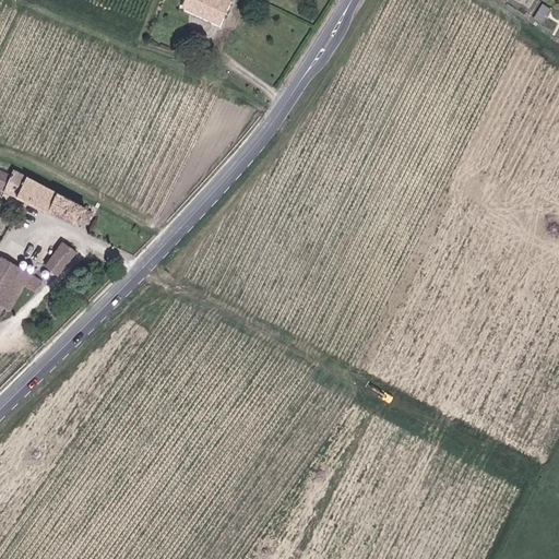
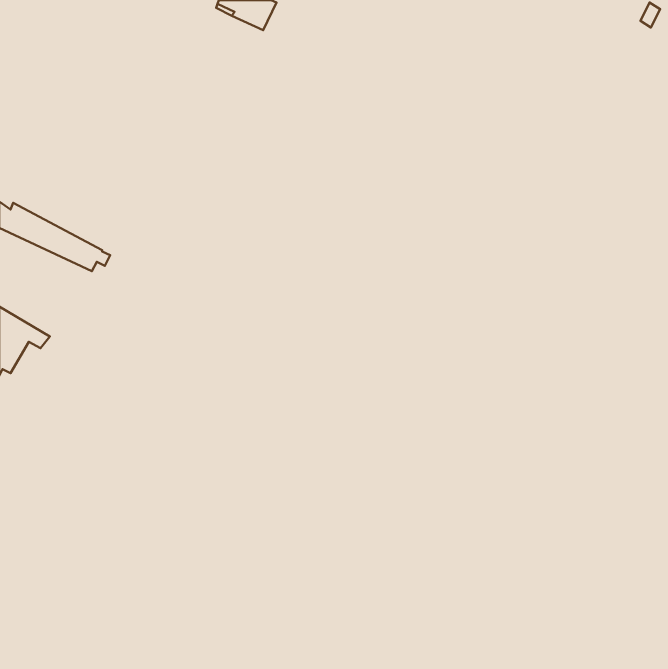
building: [43,241,76,276] -> none

